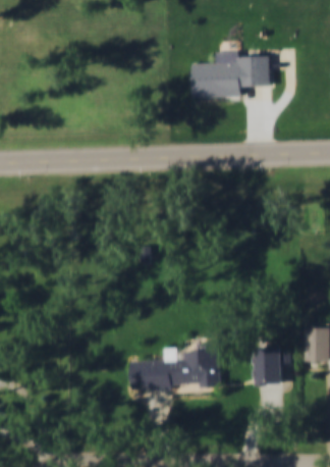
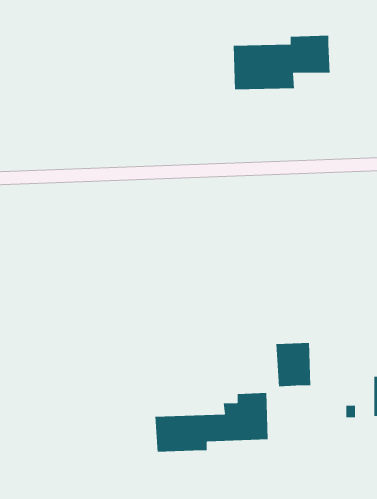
building: [252,349,280,384] -> [276,343,311,387]

